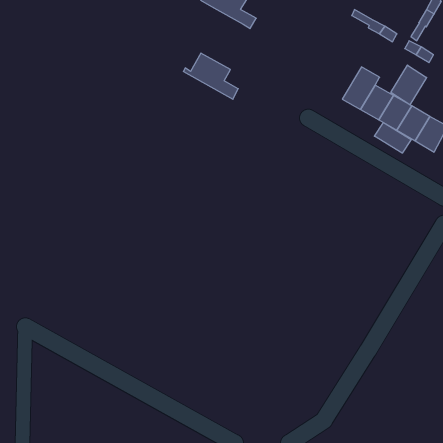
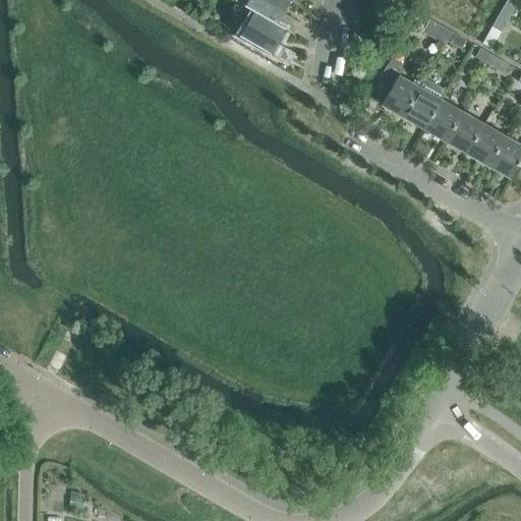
building: [183,53,238,99] -> [231,9,295,63]
building: none -> [373,63,423,116]
building: [391,65,427,105] -> none
building: [374,123,411,153] -> none

